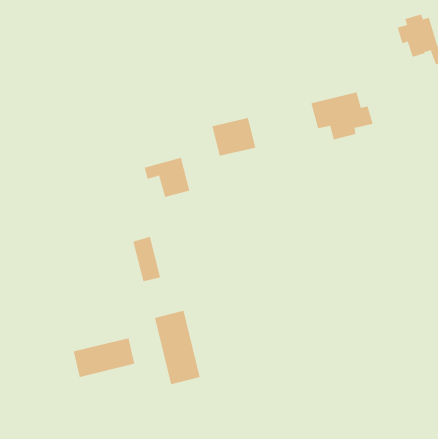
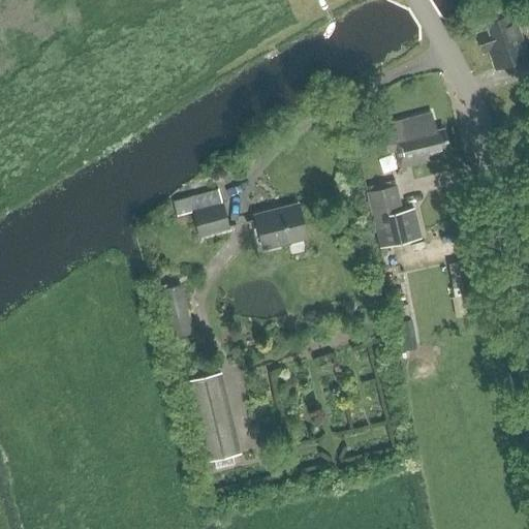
building: [211,118,256,156] -> [255,204,309,250]
building: none -> [368,186,423,248]
building: [73,337,135,378] -> none

